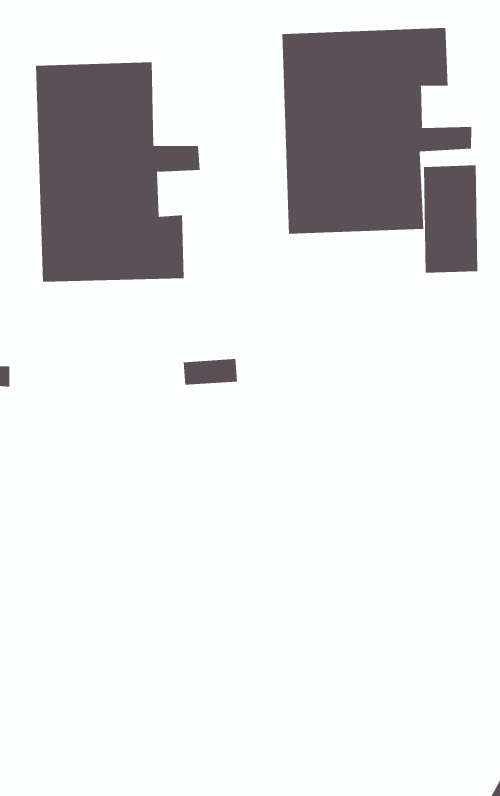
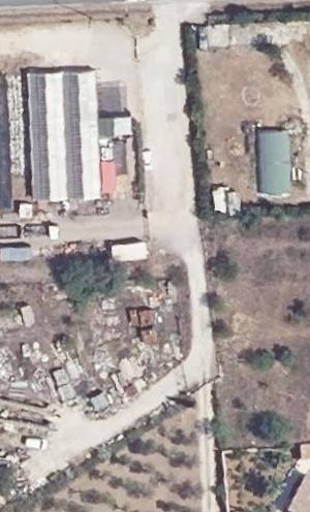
building: [282,27,472,234] -> none

